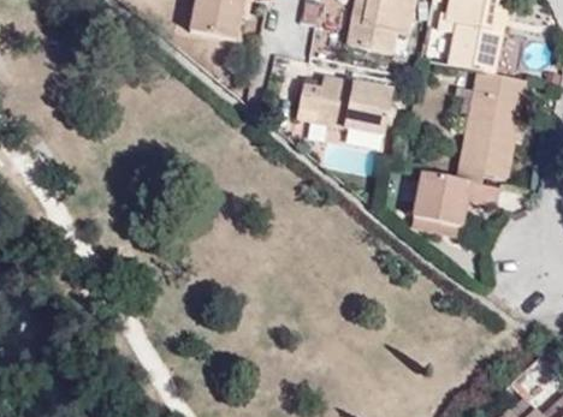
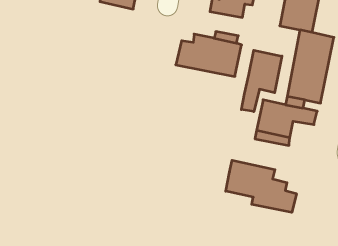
building: none -> [241,50,282,112]
building: none -> [226,160,296,212]

